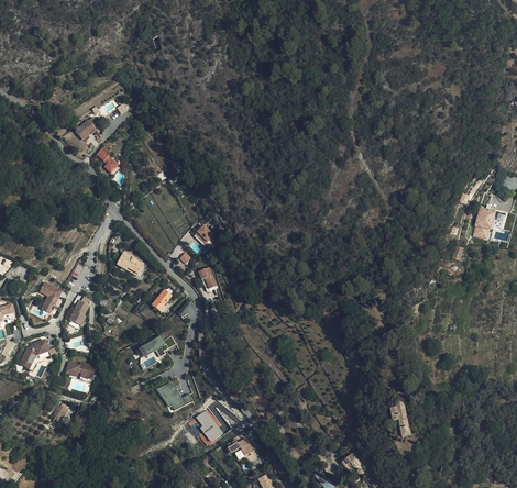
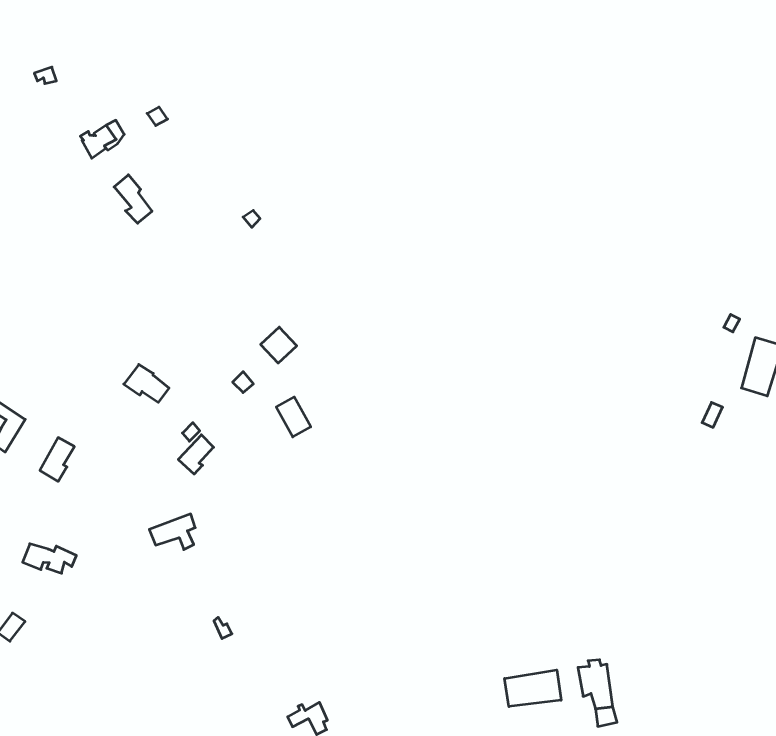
building: [195,408,222,445] -> none
building: none -> [505,670,561,707]

